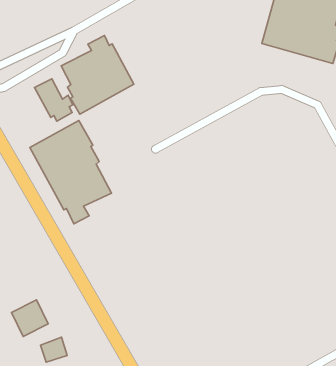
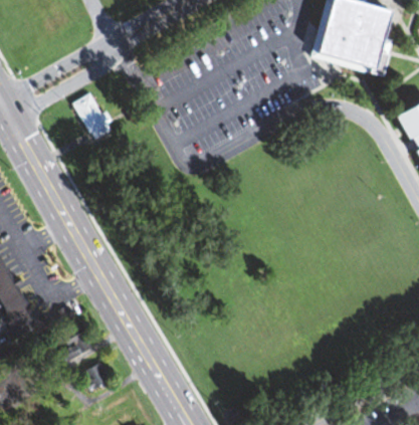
building: [61,35,134,114] -> none
building: [30,121,111,224] -> none

